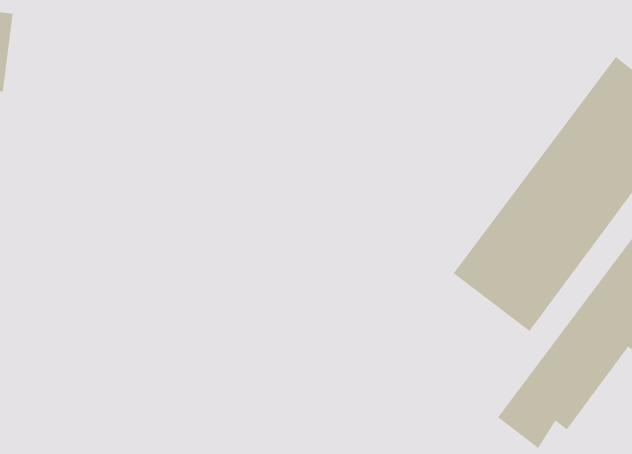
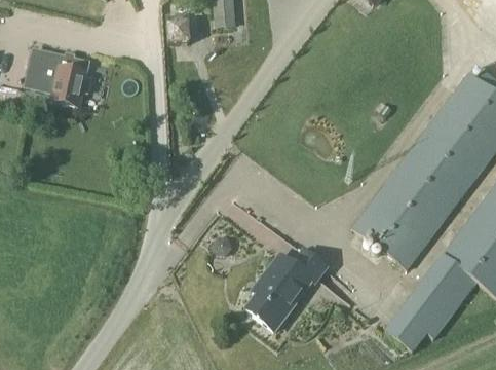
building: none -> [36,48,87,105]
building: none -> [247,251,328,329]

